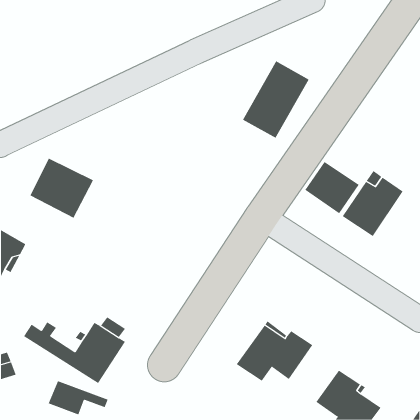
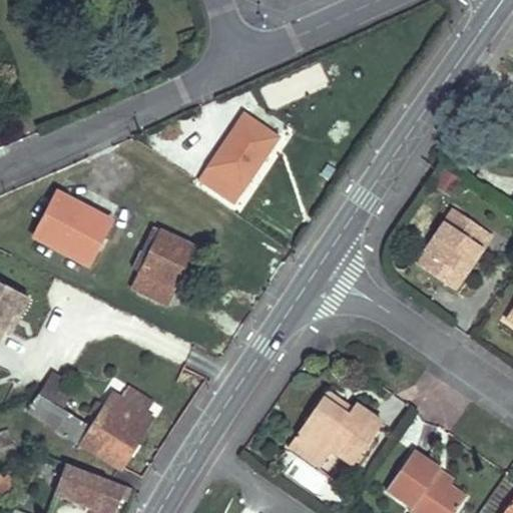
building: [242,61,310,139] -> [196,113,279,208]
building: [305,161,359,214] -> none
building: none -> [133,226,195,303]

